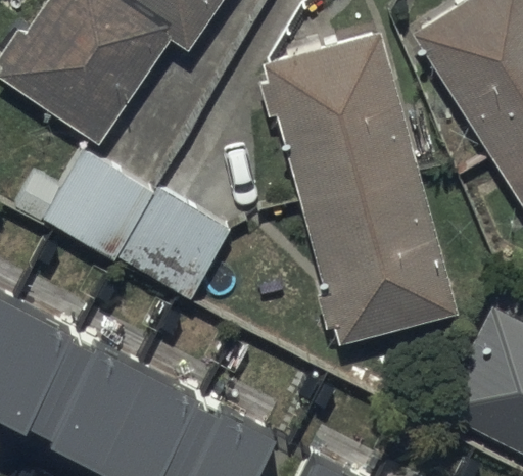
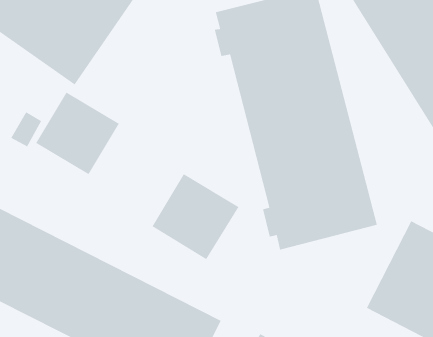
building: [124,194,228,297] -> [151,173,239,260]

